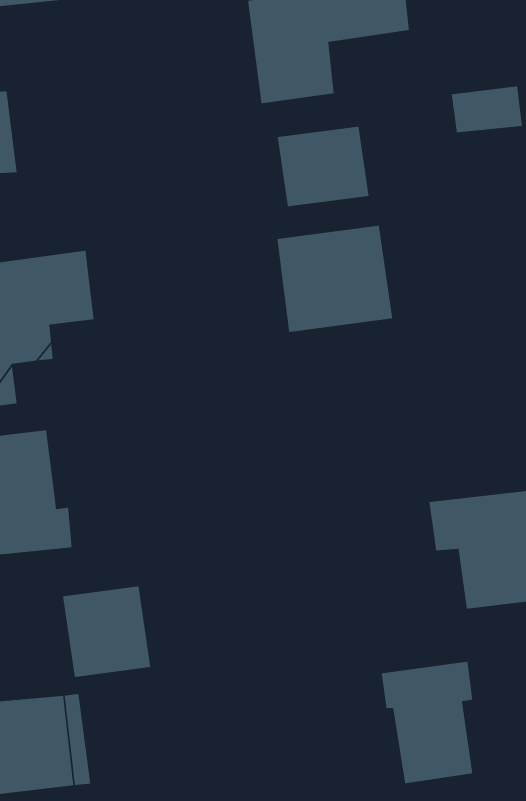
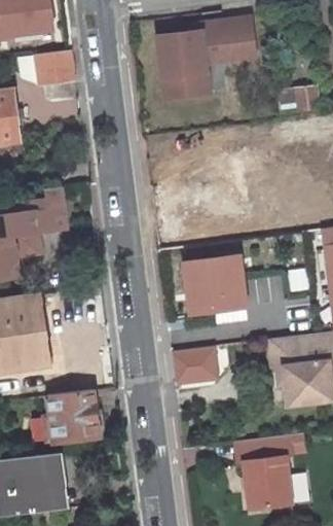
building: none -> [23,48,75,82]
building: [277,126,369,207] -> none
building: [277,225,393,333] -> [181,255,251,320]
building: none -> [172,348,221,387]

